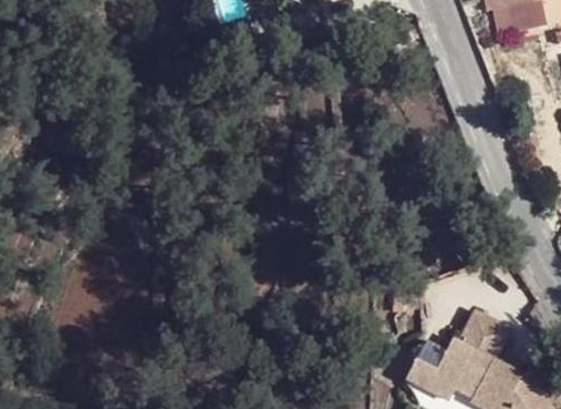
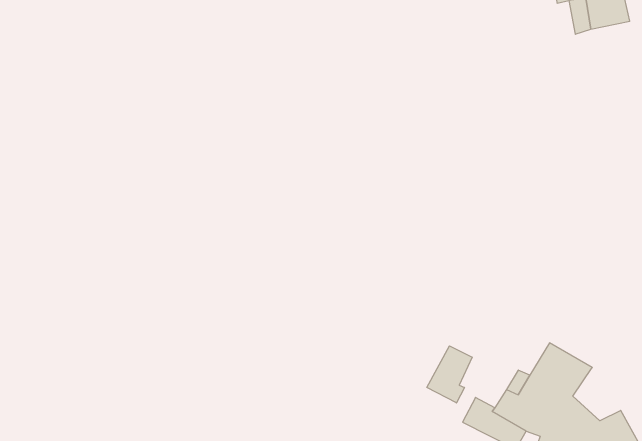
building: none -> [427,346,472,403]

